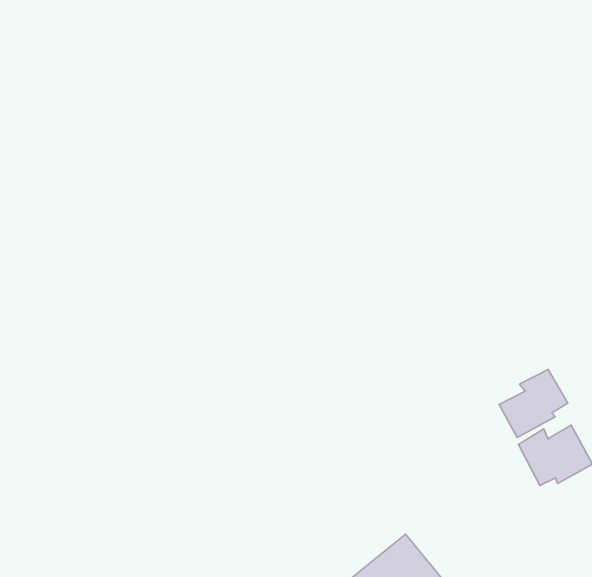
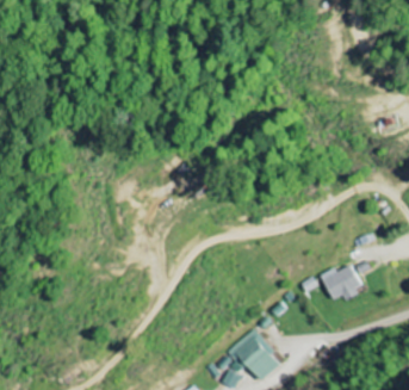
building: [499,370,568,438] -> none

